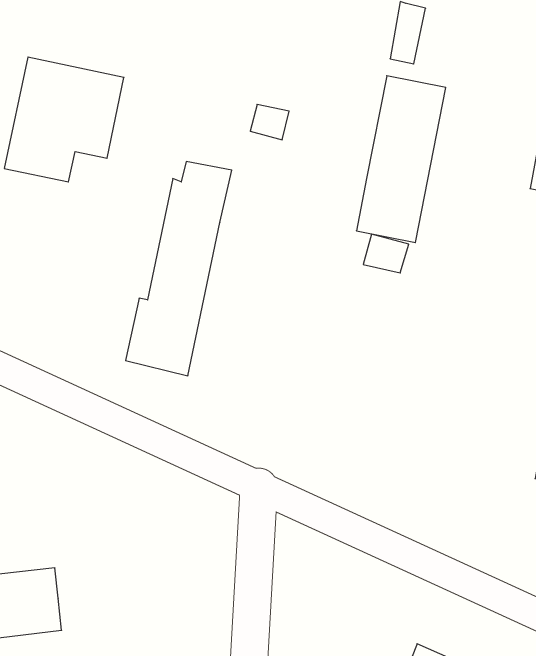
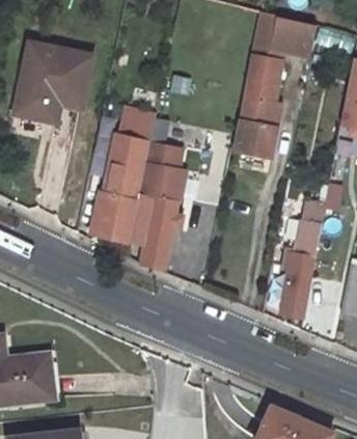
building: none -> [271,16,318,57]
building: none -> [129,146,182,270]
building: none -> [279,209,323,318]

